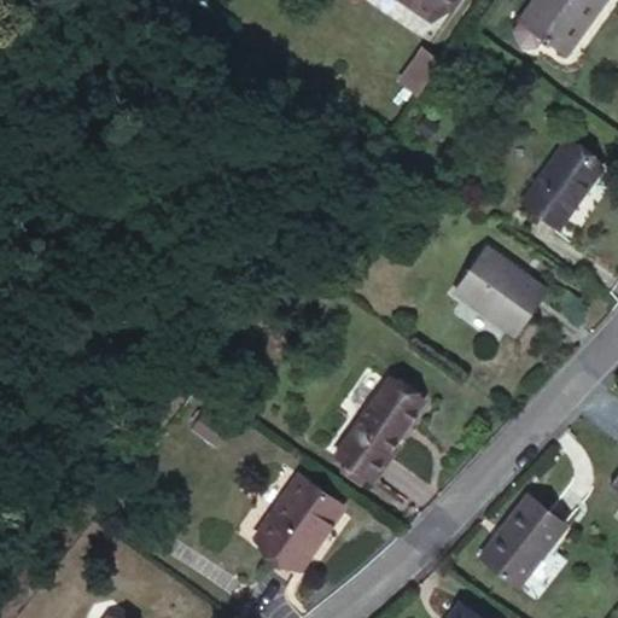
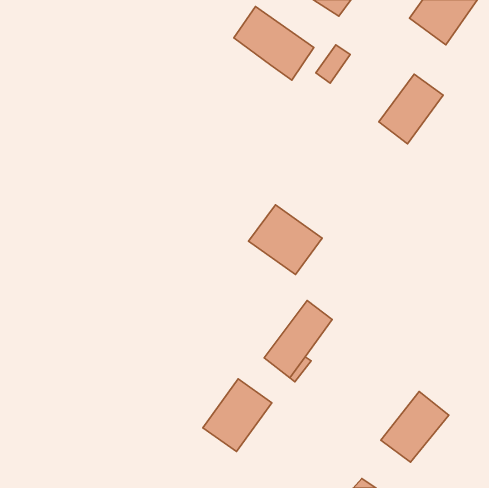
building: none -> [234,7,314,80]
building: [520,144,601,232] -> [379,74,443,144]
building: [453,250,546,338] -> [249,205,322,275]

